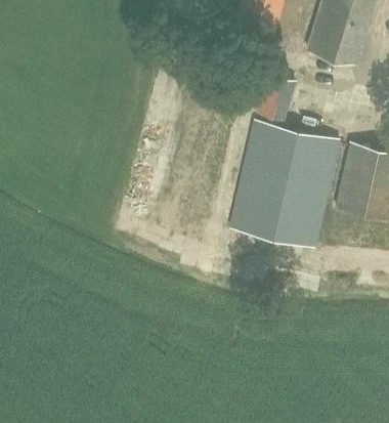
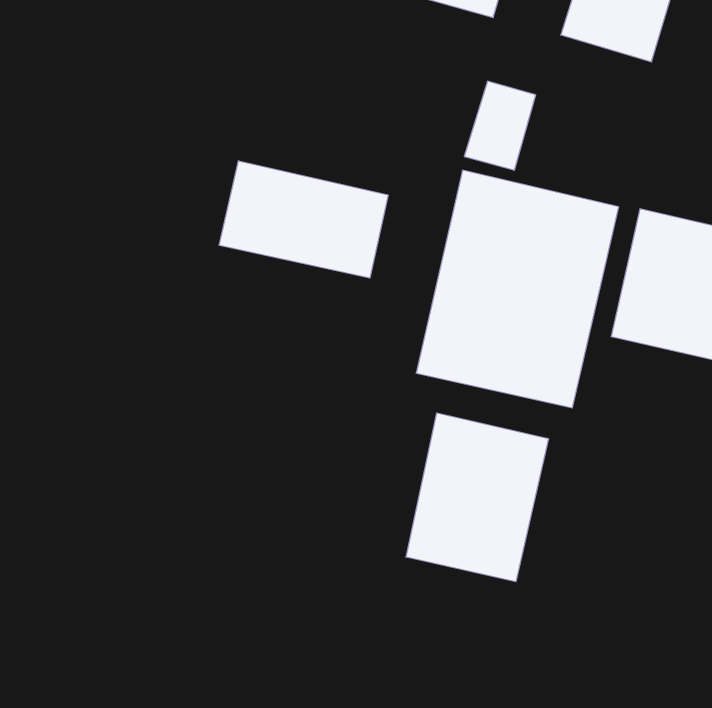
building: none -> [219,161,388,278]
building: none -> [406,413,549,582]

